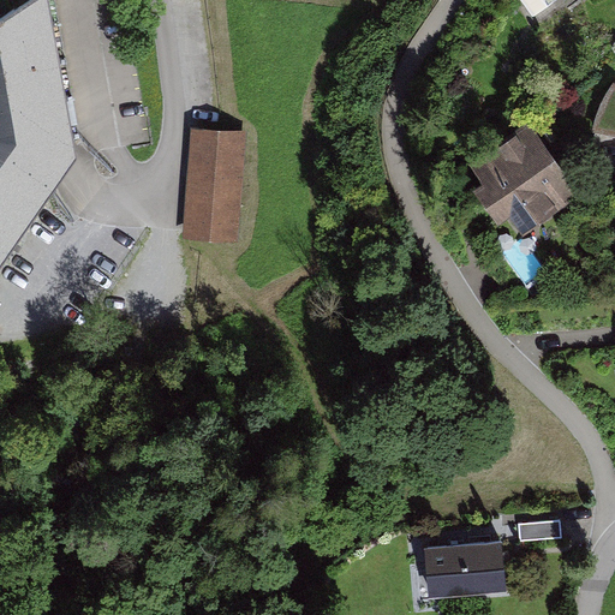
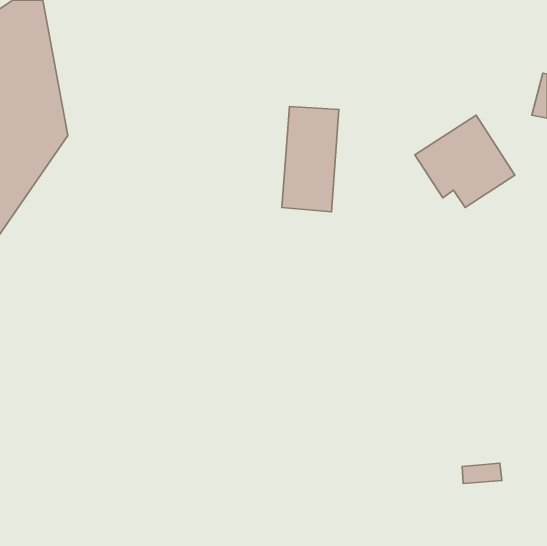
building: [181,127,245,245] -> [282,106,339,212]
building: [423,538,504,595] -> none

